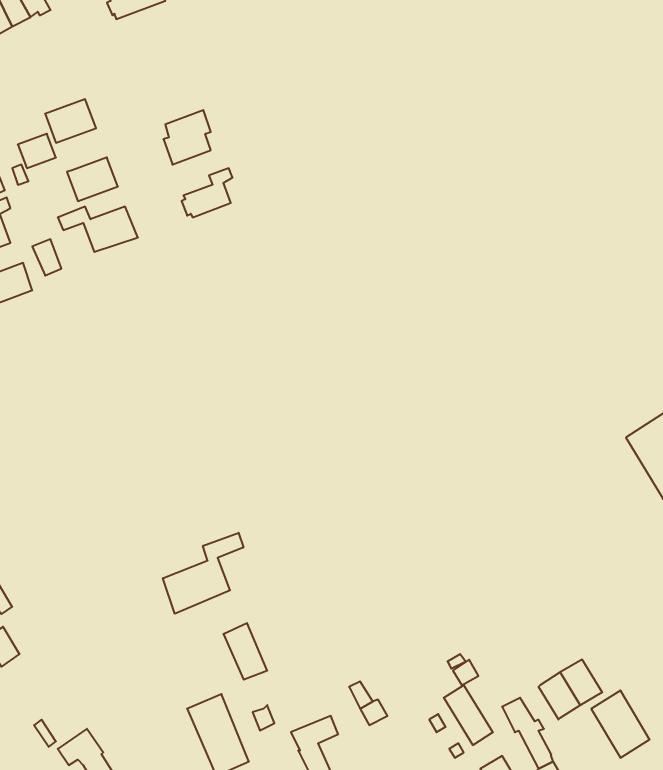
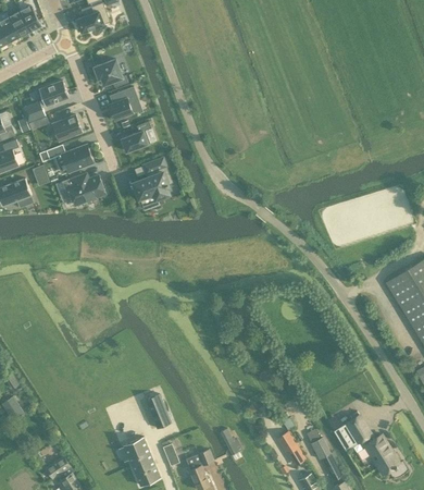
building: none -> [93,60,127,88]
building: none -> [130,156,172,211]
building: none -> [55,175,104,206]
building: [163,533,243,614] -> none

